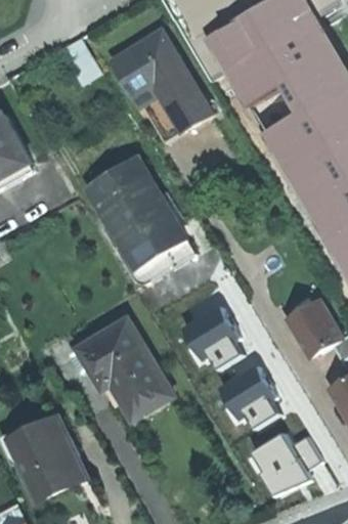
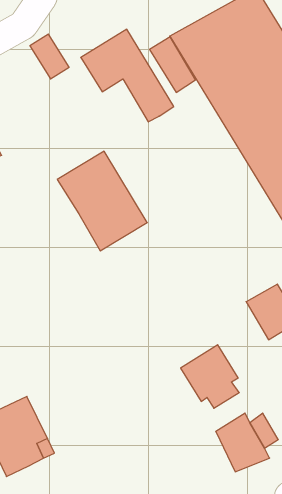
building: [135,83,183,141] -> [150,37,196,92]
building: [102,224,193,286] -> none
building: [180,304,242,369] -> none
building: [74,317,171,420] -> none

